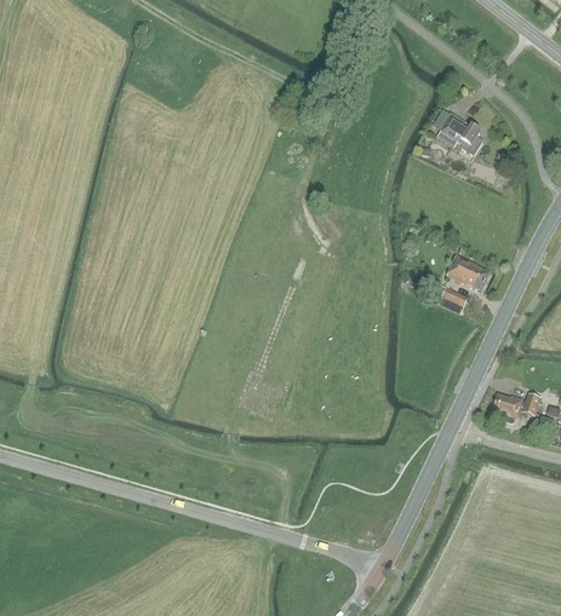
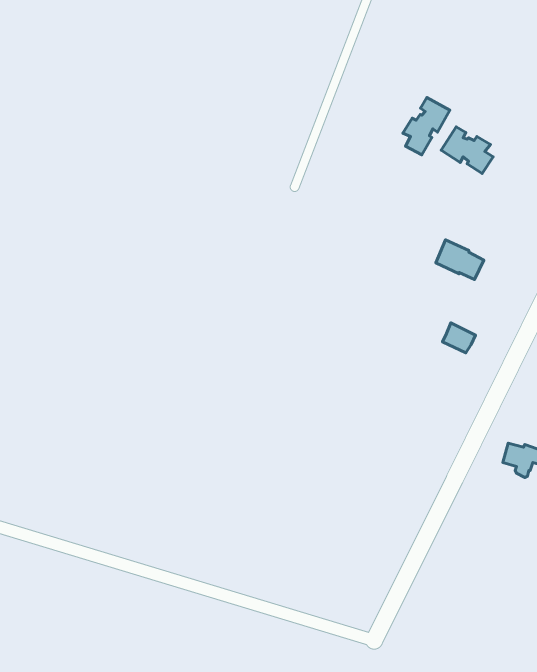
building: none -> [403,98,450,155]
building: [447,254,490,289] -> [436,240,484,279]

